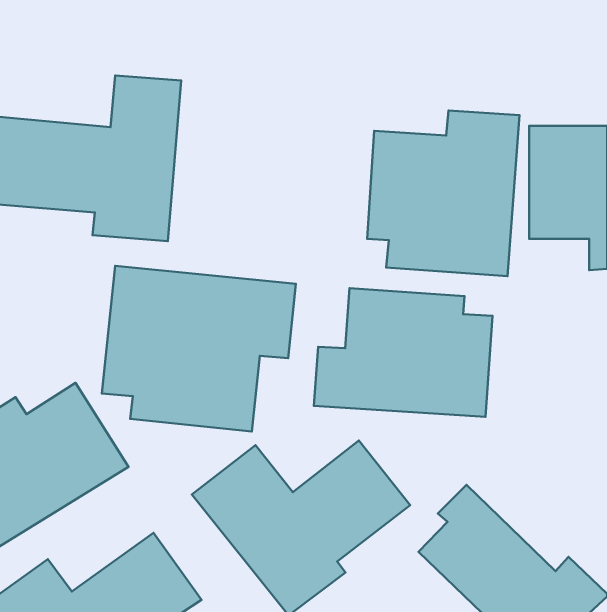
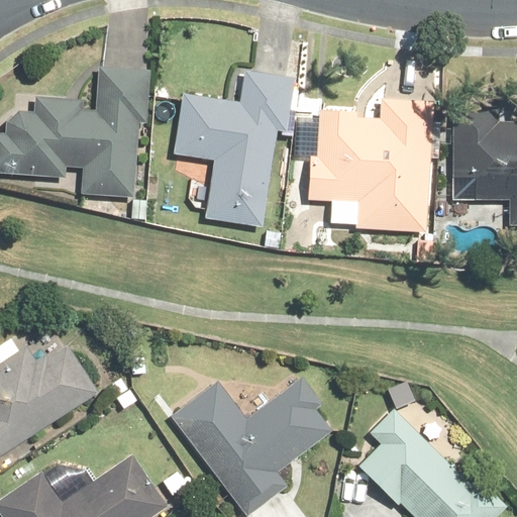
building: none -> [172,71,294,226]
building: [102,266,296,432] -> none
building: [314,288,493,417] -> none

